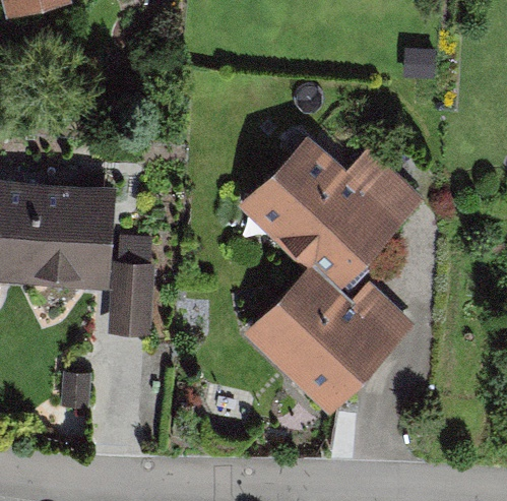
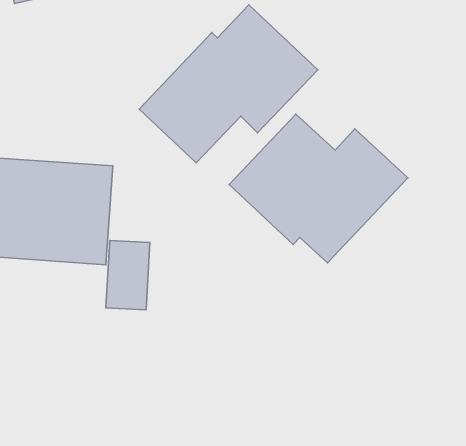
building: none -> [139,5,318,163]
building: [245,262,415,415] -> none

